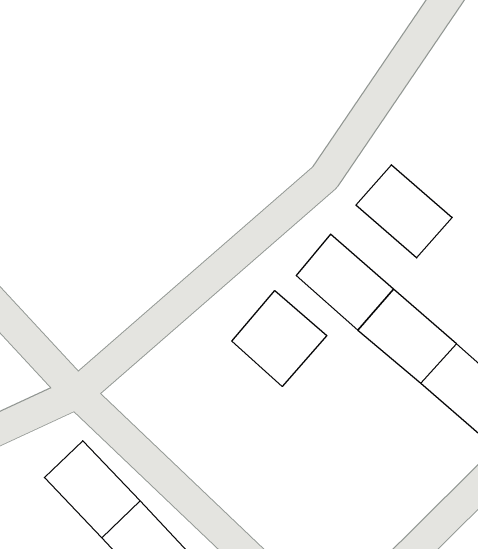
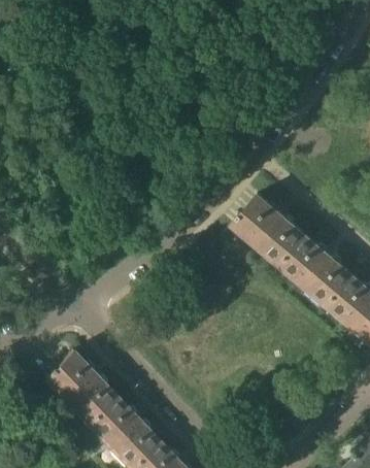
building: [356,165,452,258] -> none
building: [232,291,327,386] -> none

